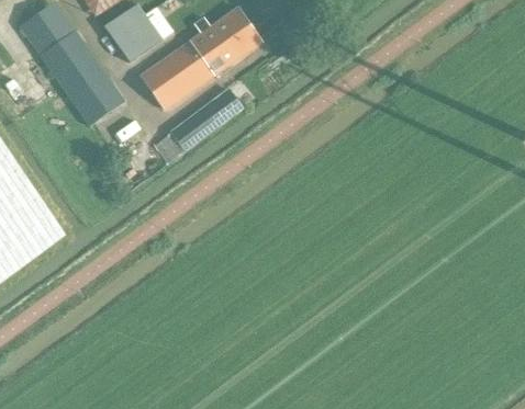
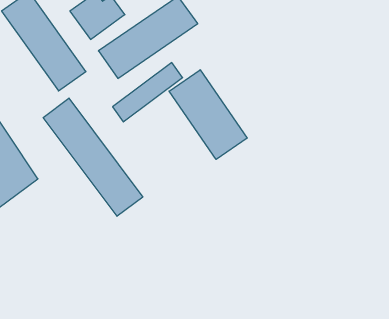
building: none -> [169,70,247,159]
building: none -> [43,98,143,216]

